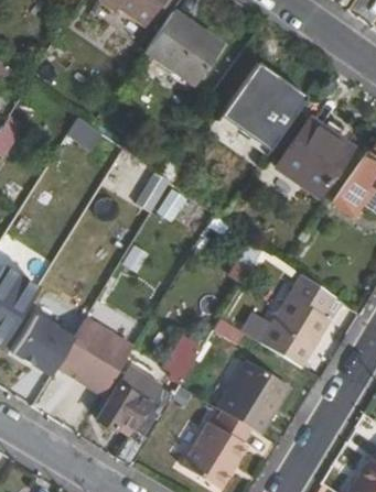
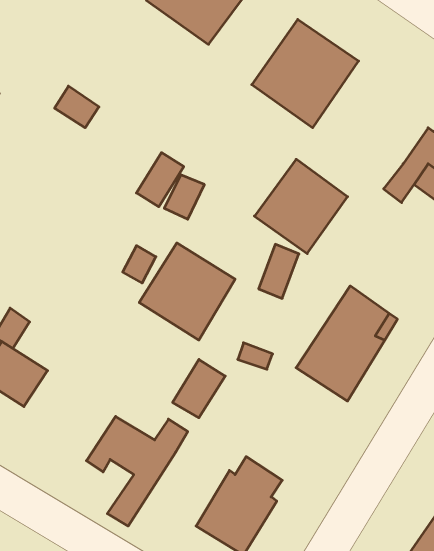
building: [275,120,348,195] -> [254,159,348,254]
building: [57,319,133,396] -> [139,243,235,340]
building: [218,362,289,435] -> none

